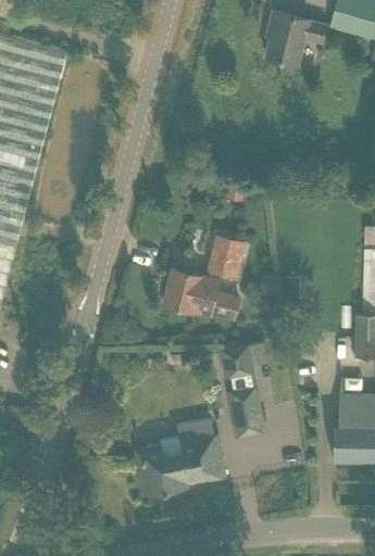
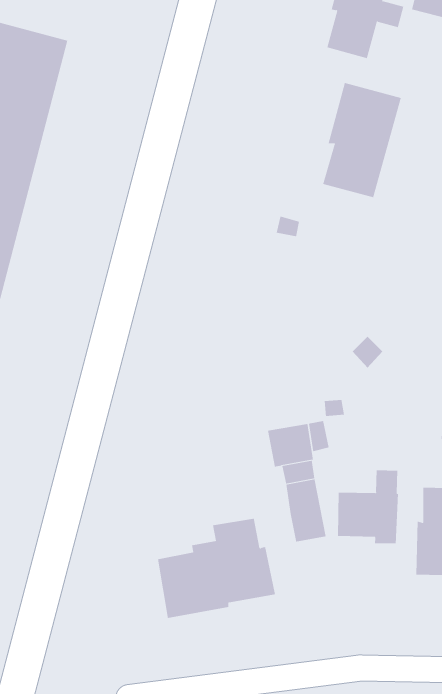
building: none -> [322,82,402,199]
building: [163,237,243,318] -> none
building: none -> [337,469,399,544]

